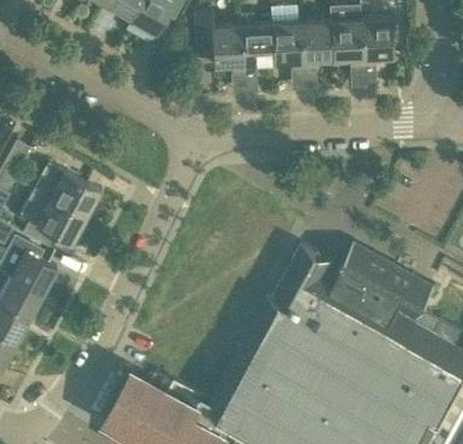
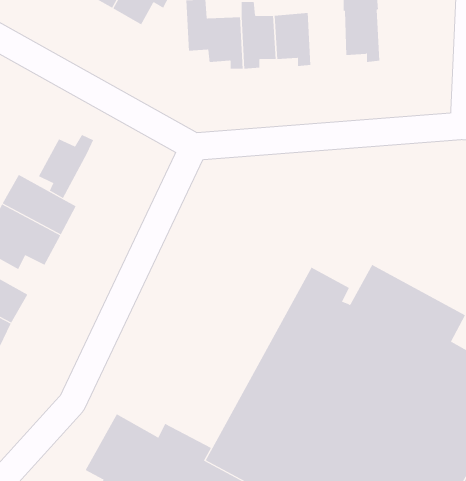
building: [360,18,392,65] -> none
building: [300,22,332,68] -> none
building: none -> [38,134,94,199]

